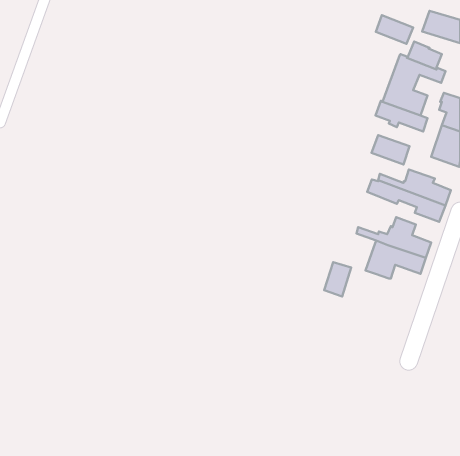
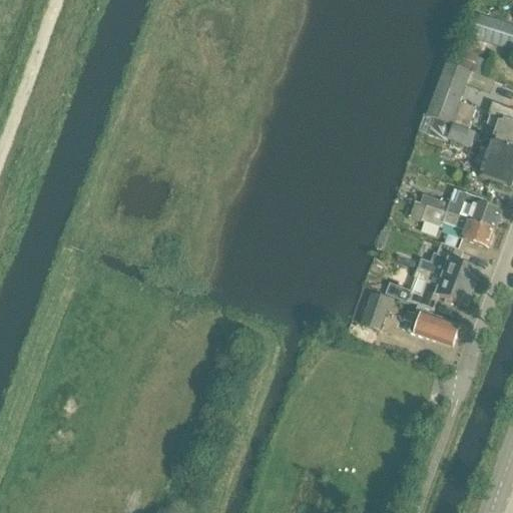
building: [376,15,413,44] -> none
building: [372,135,410,165] -> none
building: none -> [404,305,460,345]

